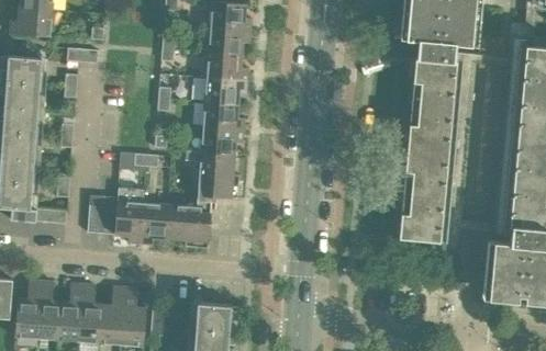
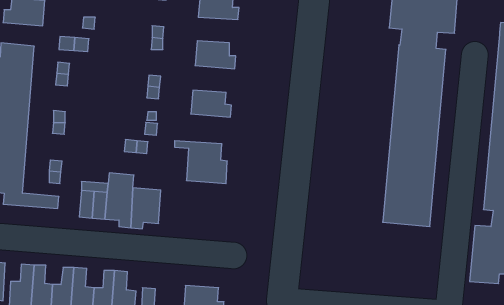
building: [209,29,250,55] -> none
building: [204,78,247,105] -> none
building: [186,127,243,158] -> none
building: [169,195,212,248] -> none

